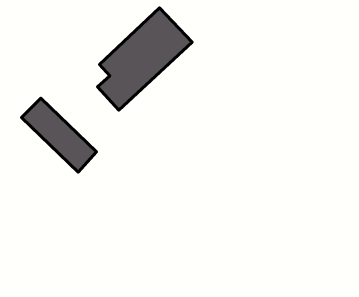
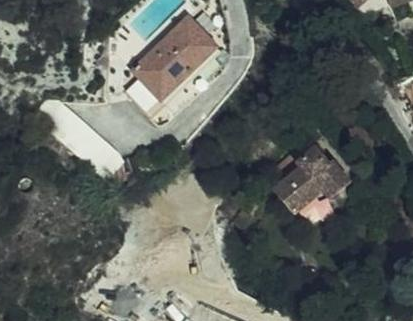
building: none -> [283,143,358,207]

